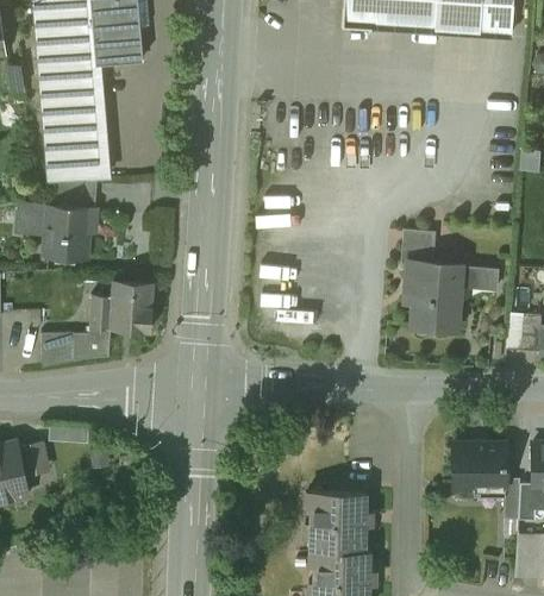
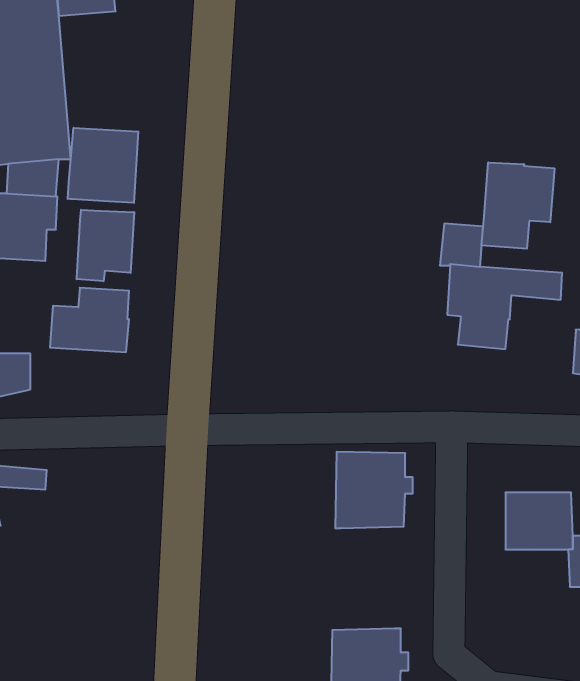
building: none -> [68,128,138,203]
building: none -> [482,162,554,249]
building: none -> [77,210,134,281]
building: [75,327,112,360] -> none
building: [311,491,373,552] -> [335,452,413,528]

